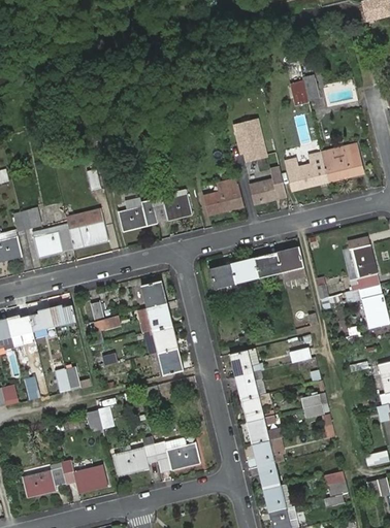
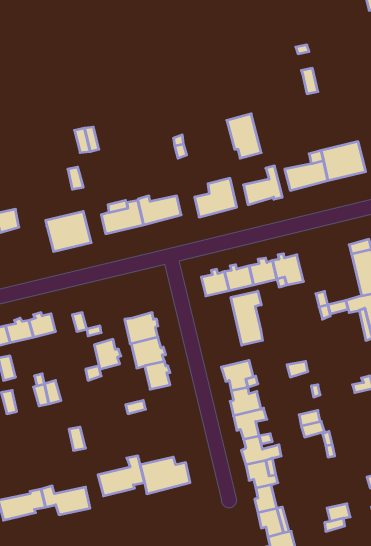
building: [31,223,72,256] -> none
building: [140,280,165,308] -> [94,339,121,369]
building: none -> [231,291,263,345]

